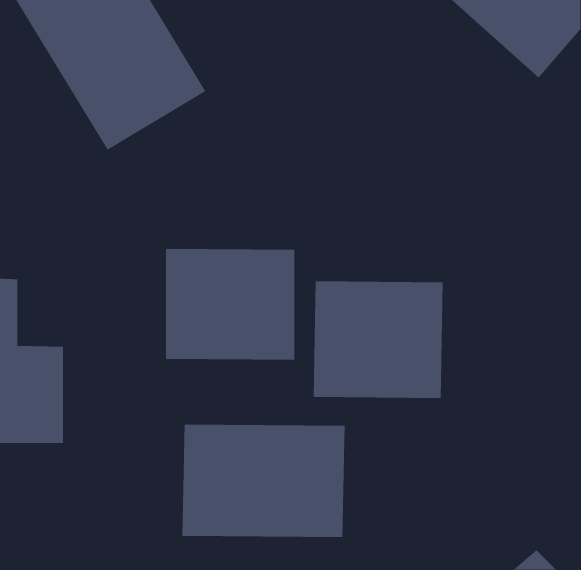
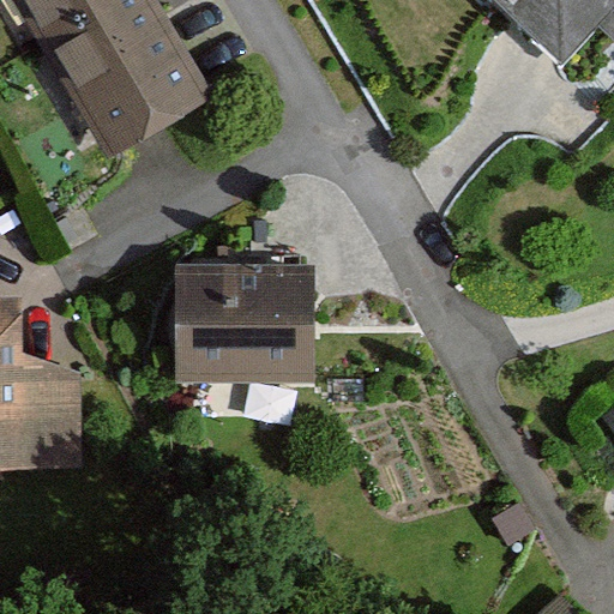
building: [313,281,443,399] -> none
building: [182,424,345,538] -> none

